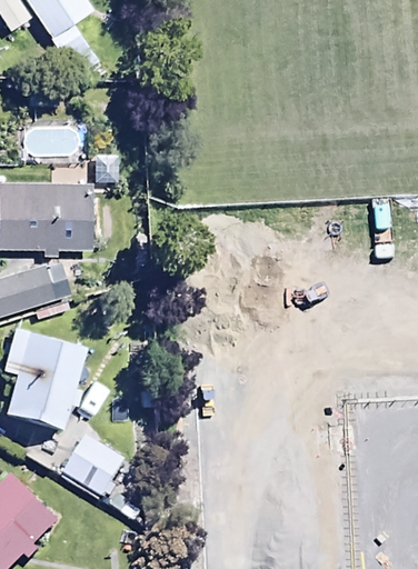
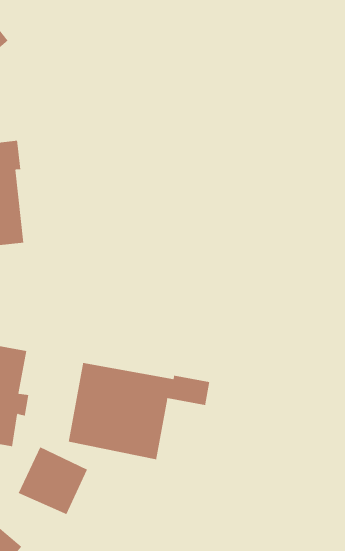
building: none -> [68,362,210,460]

